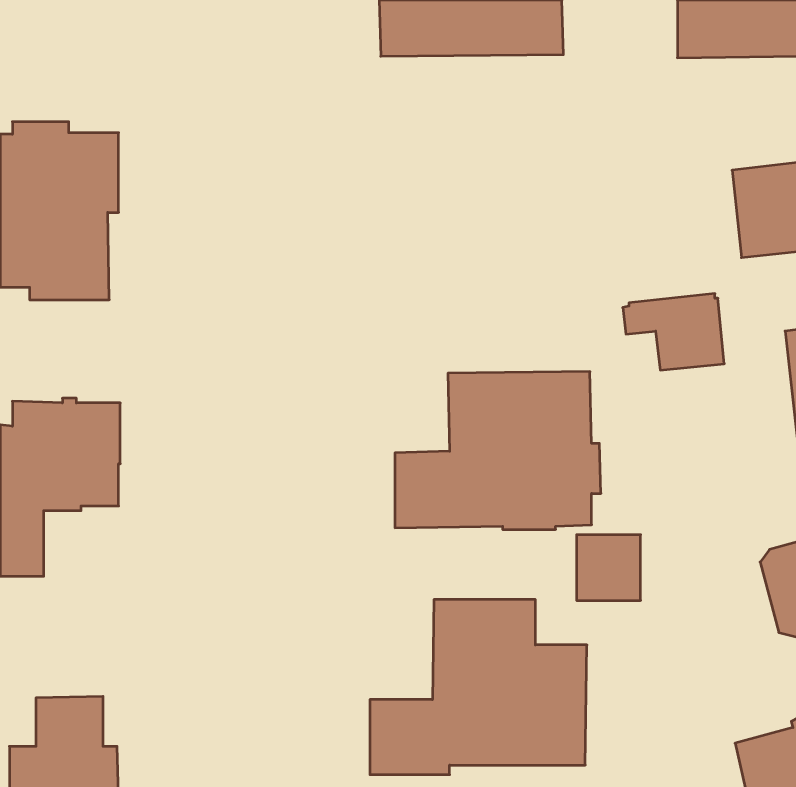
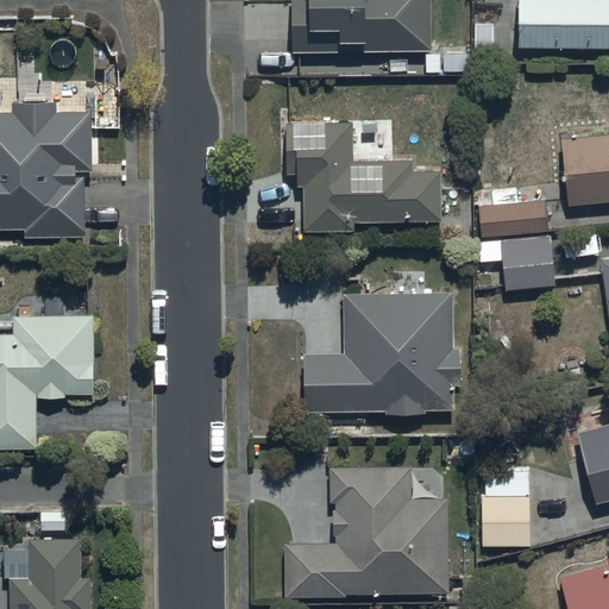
building: none -> [284,121,441,230]
building: none -> [477,199,546,239]
building: [577,535,641,600] -> [481,496,529,546]

